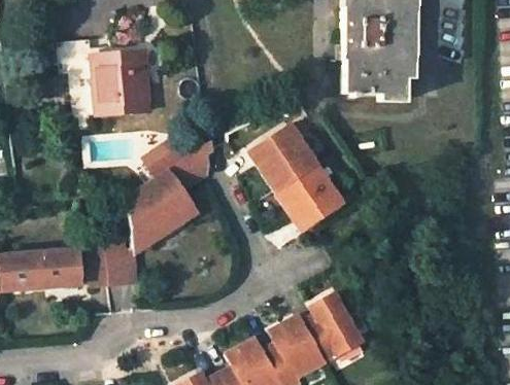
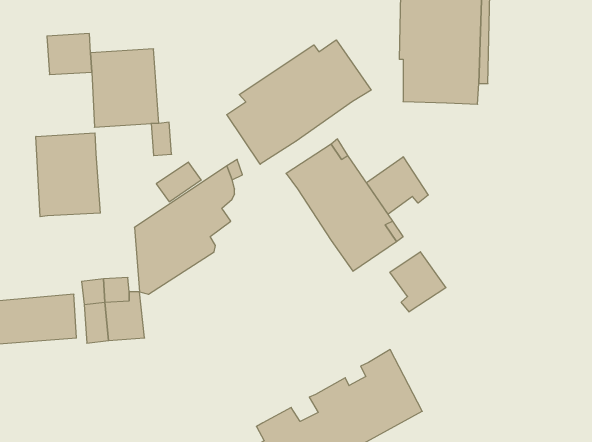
building: none -> [227,40,371,164]
building: none -> [36,133,100,217]
building: none -> [367,157,428,214]
building: none -> [390,252,446,312]

